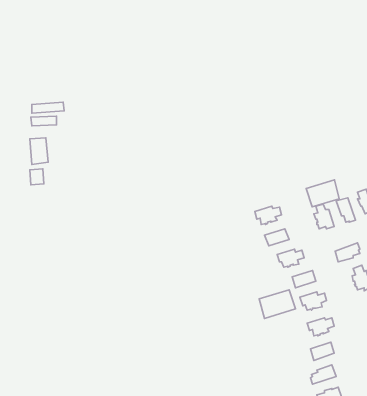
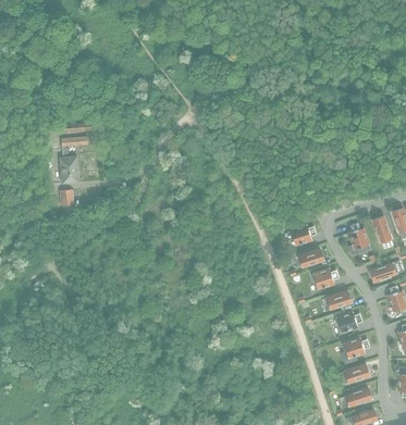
building: [306,180,339,207] -> none
building: [259,290,296,319] -> none

